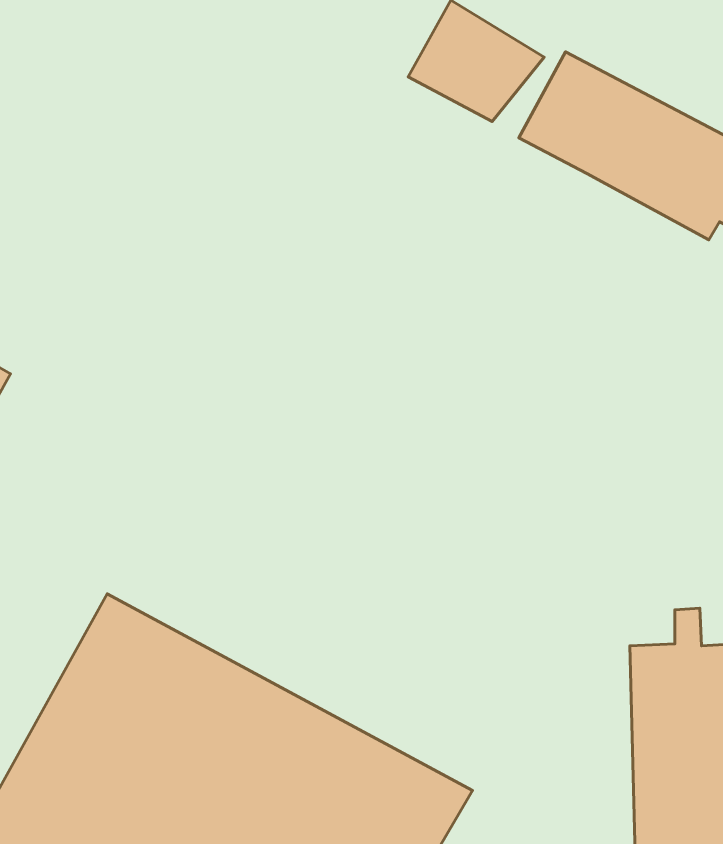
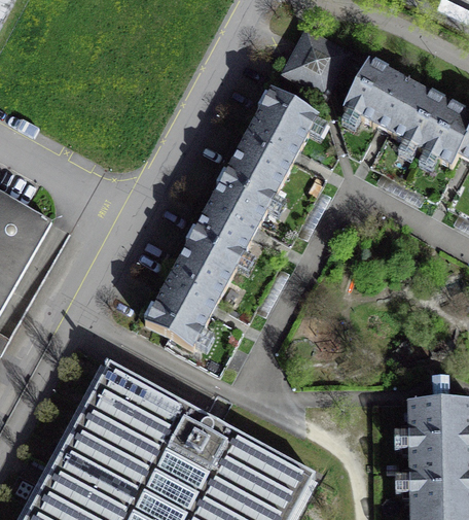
building: none -> [142,86,317,348]

